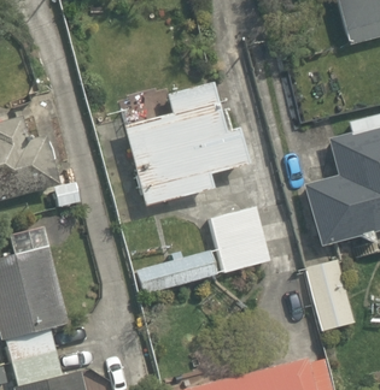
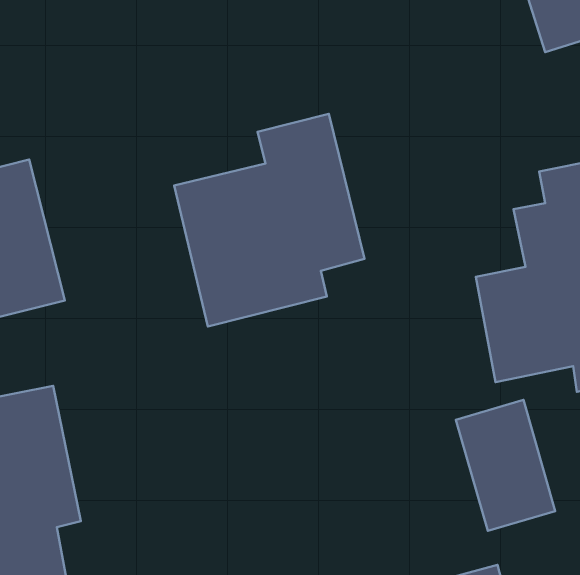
building: [130,201,268,292] -> none

